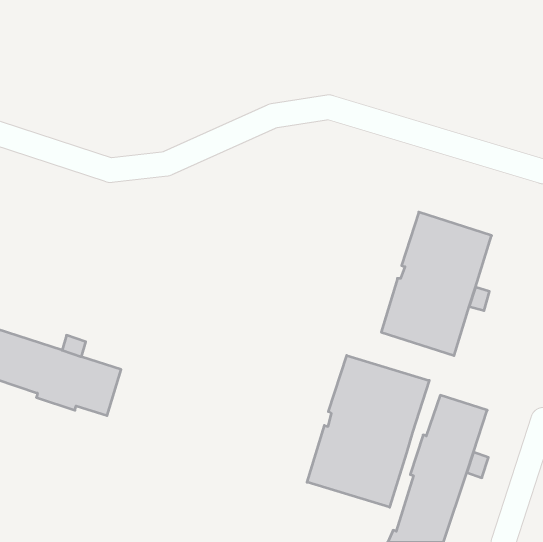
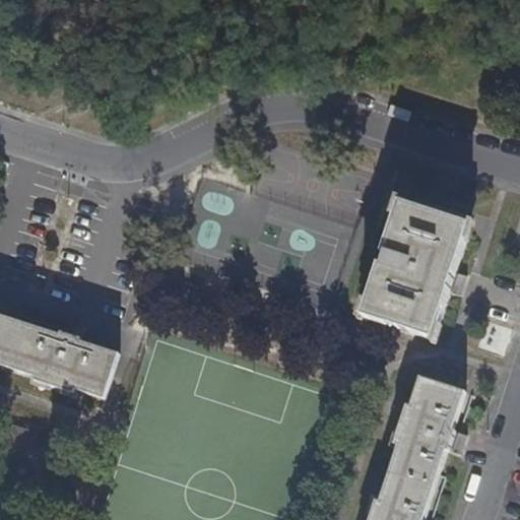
building: [307,355,429,507] -> none

